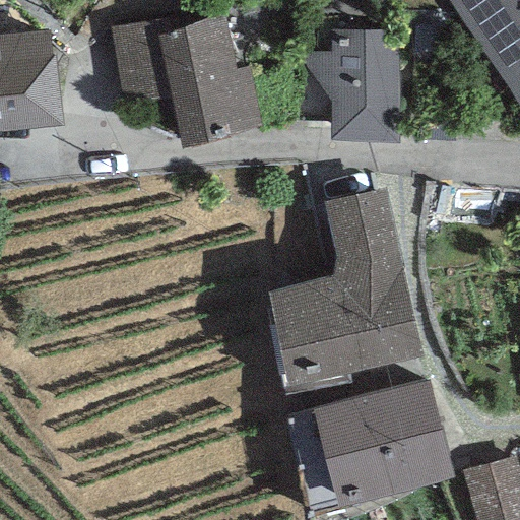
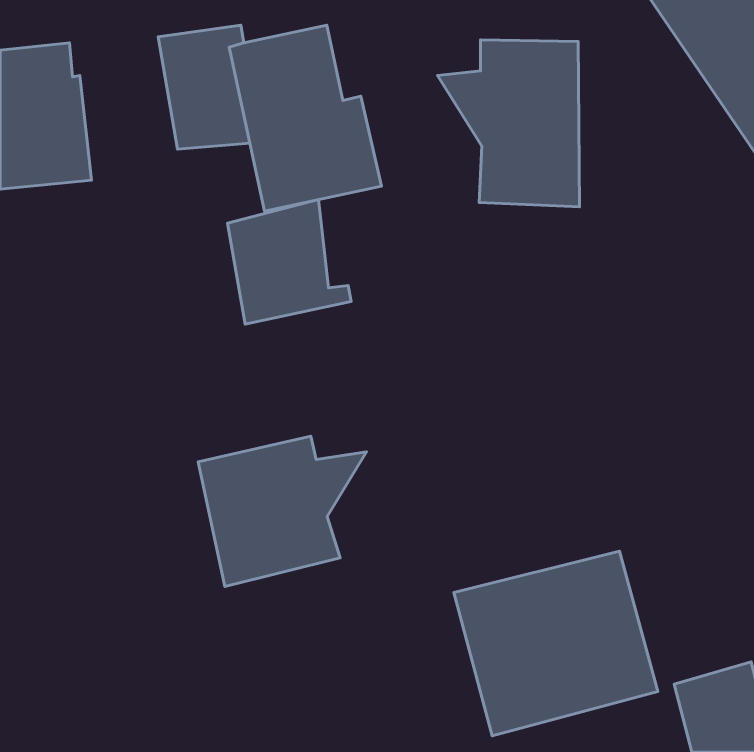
building: none -> [228,200,351,324]
building: [268,188,424,394] -> none
building: none -> [198,436,366,586]

